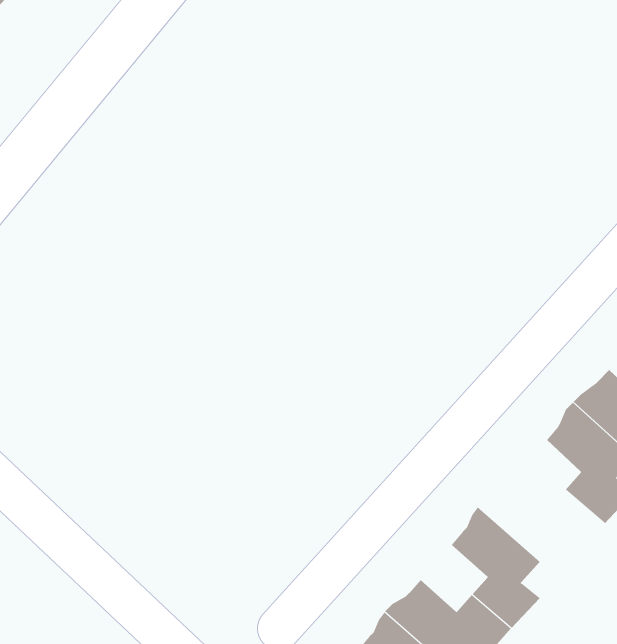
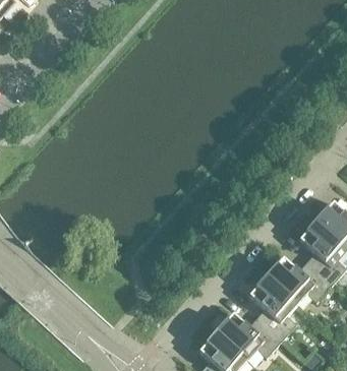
building: none -> [263,258,331,305]

